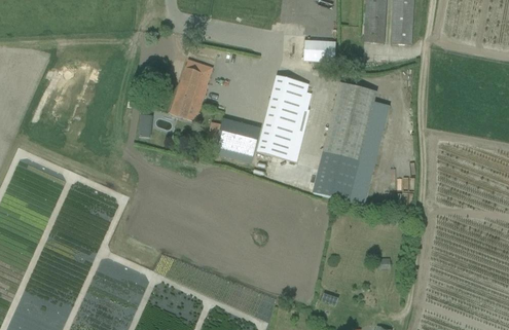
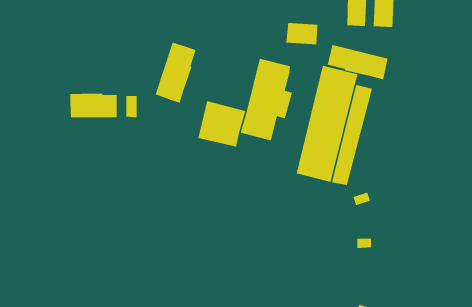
building: none -> [327,44,388,80]
building: none -> [70,93,117,118]

